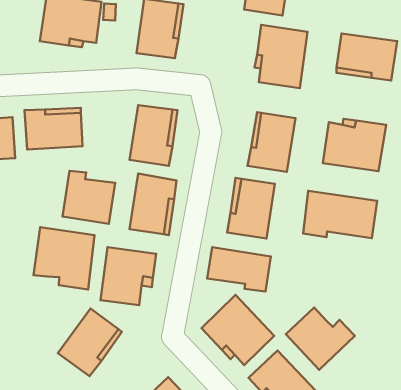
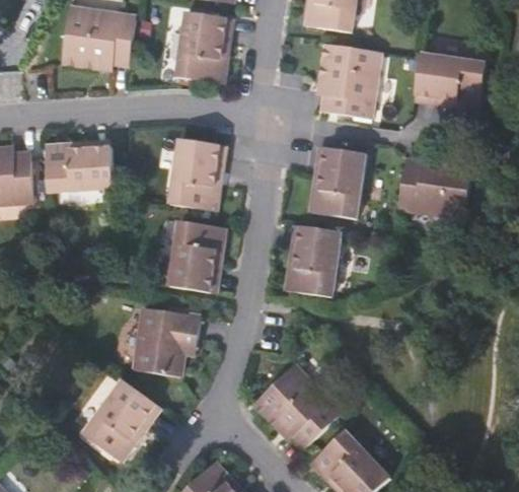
building: [63,171,115,224] -> none
building: [303,191,377,238] -> none
building: [34,227,95,289] -> none
building: [207,247,271,291] -> none
building: [286,307,355,370] -> none

